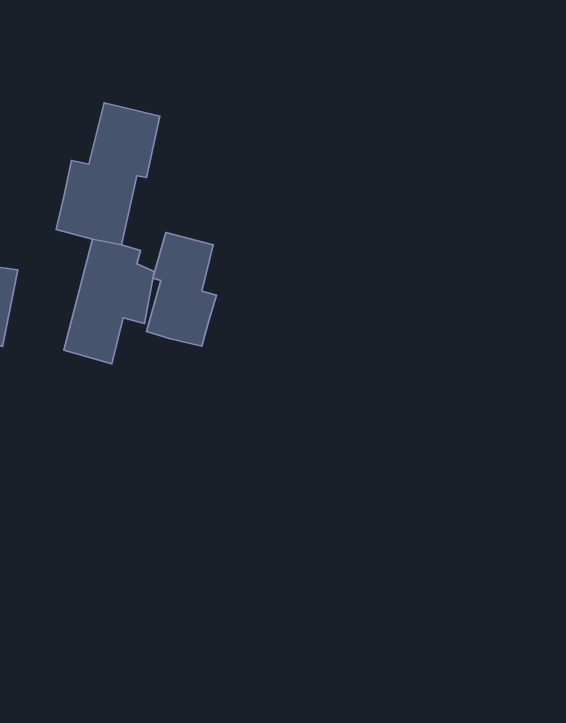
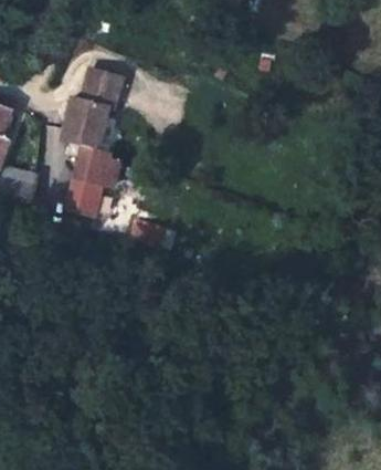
building: [146,233,216,346] -> none

